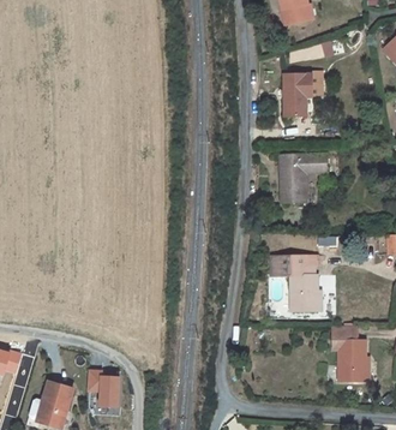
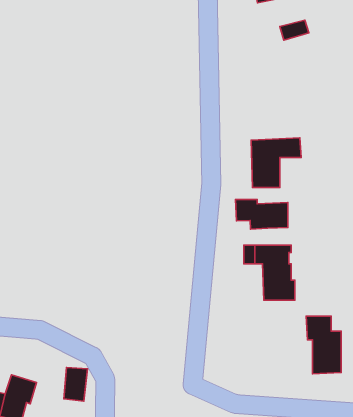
building: [282,74,322,115] -> none
building: none -> [236,199,288,229]

